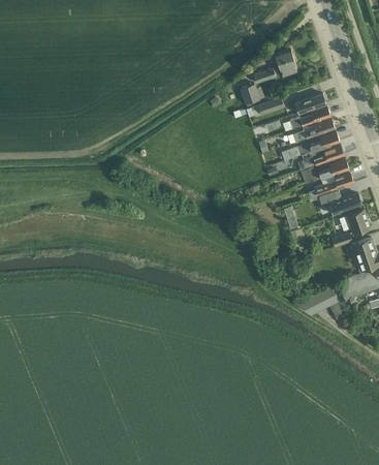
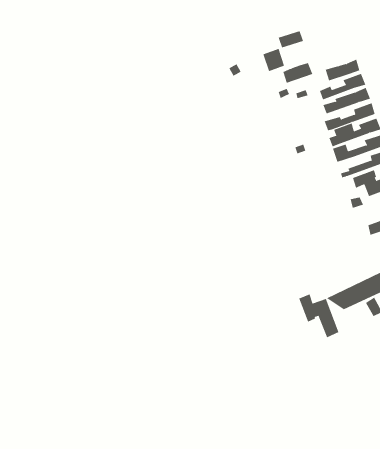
building: [273,49,294,75] -> none
building: none -> [299,293,339,338]

